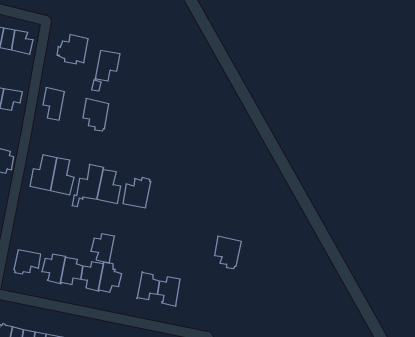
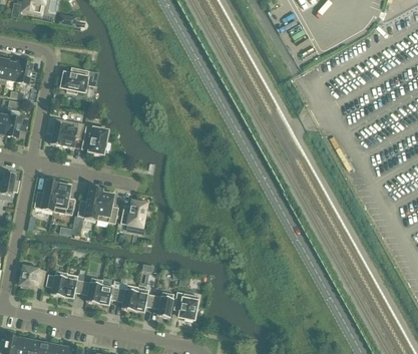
building: [95,51,120,81] -> [61,119,84,147]
building: [91,234,115,263] -> [116,284,138,311]
building: [214,236,241,268] -> [173,291,198,321]

